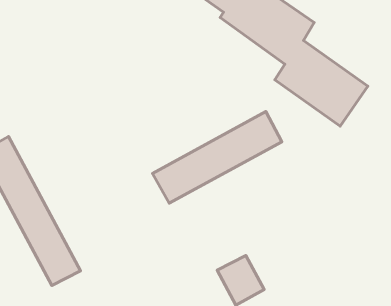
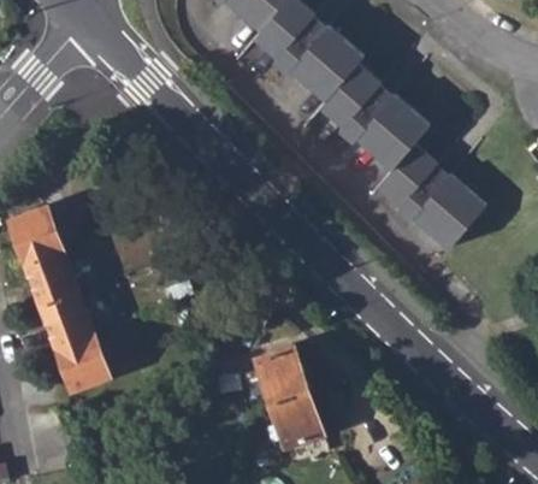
building: [152,112,282,203] -> none
building: none -> [255,348,306,403]

